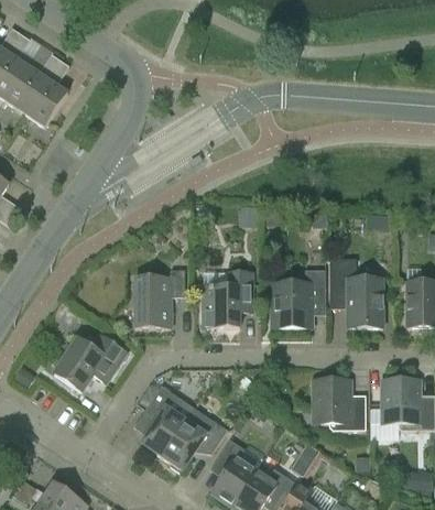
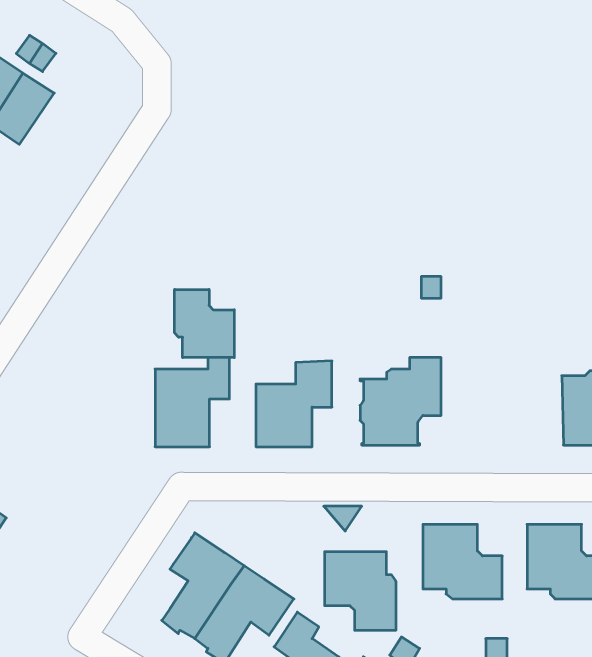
building: none -> [175,289,234,358]
building: [329,258,382,326] -> none
building: [54,333,126,390] -> none
building: none -> [325,552,396,630]

